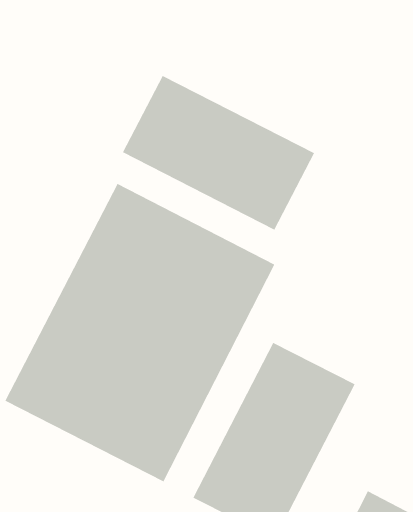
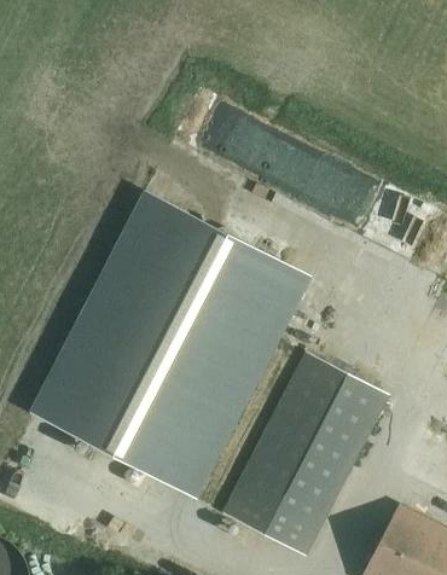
building: [122,75,315,230] -> none

